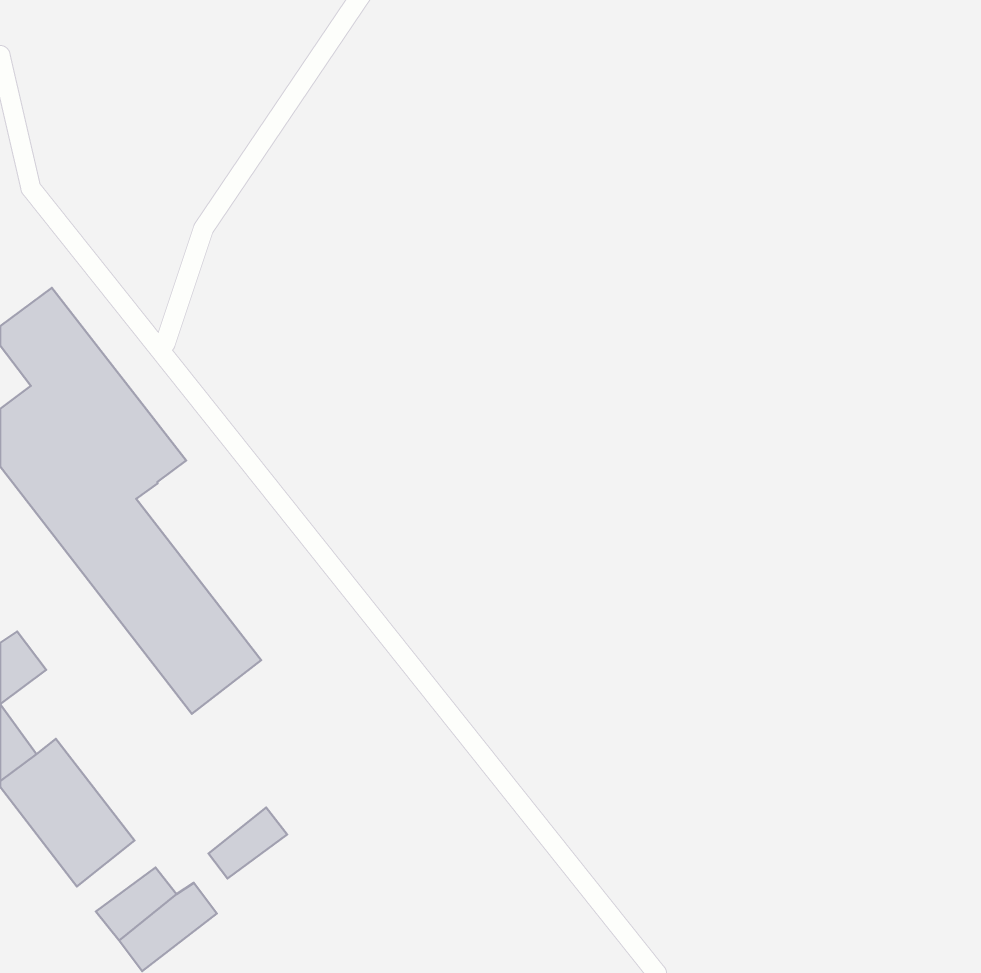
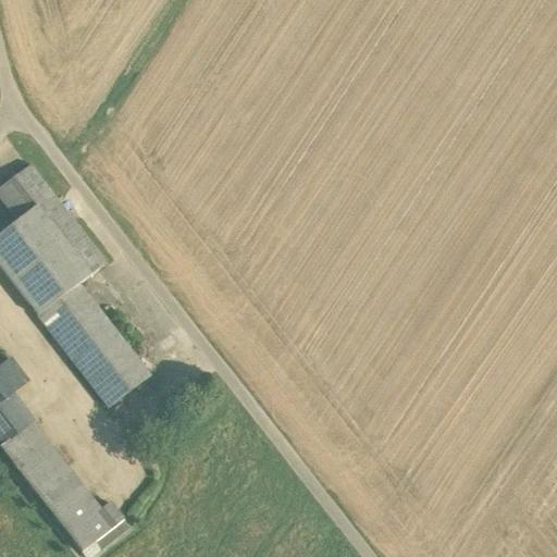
building: [208,807,287,878] -> [44,476,88,517]

